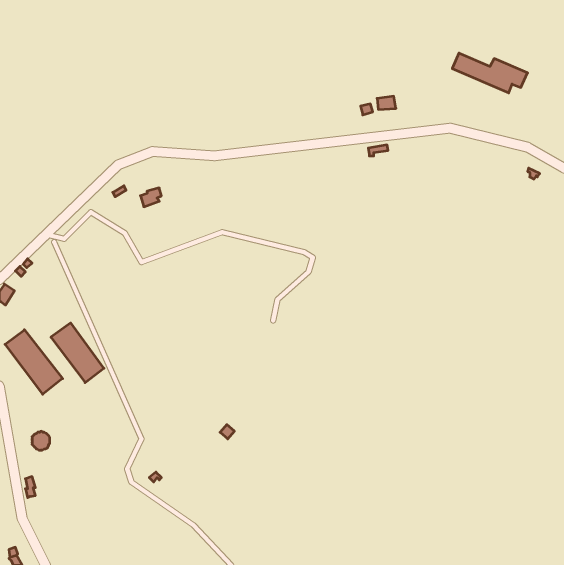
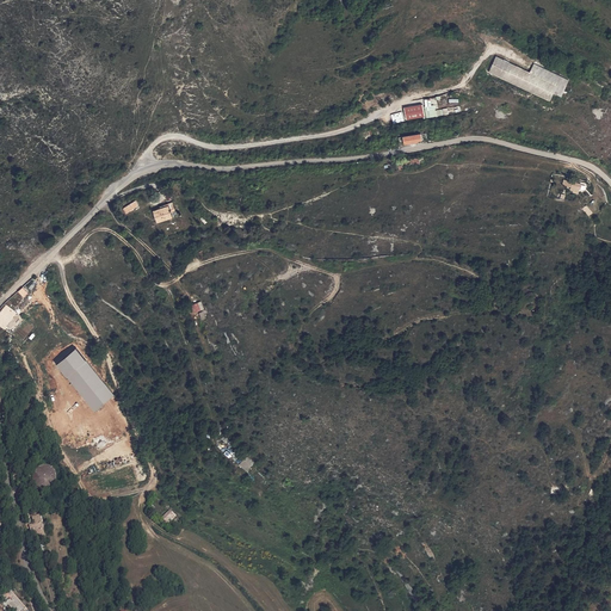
building: [5,330,63,394] -> none

